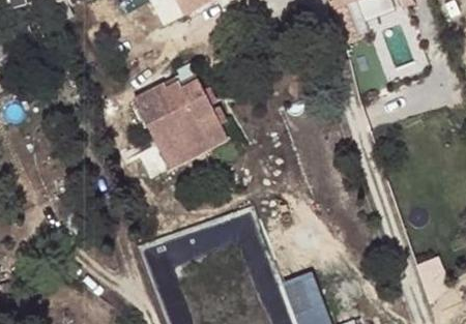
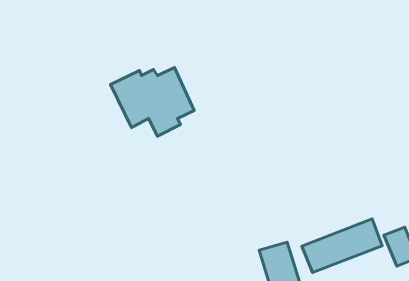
building: none -> [302,219,382,272]

